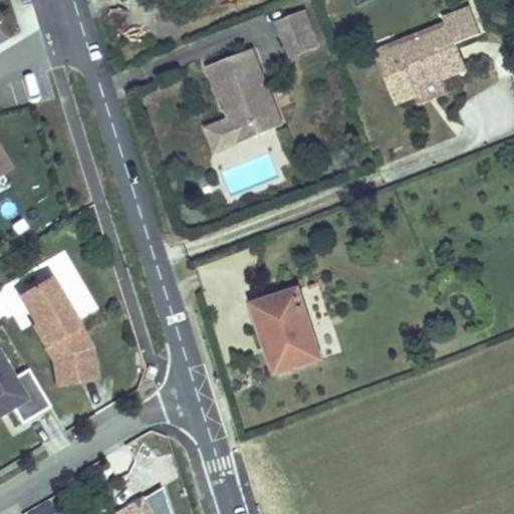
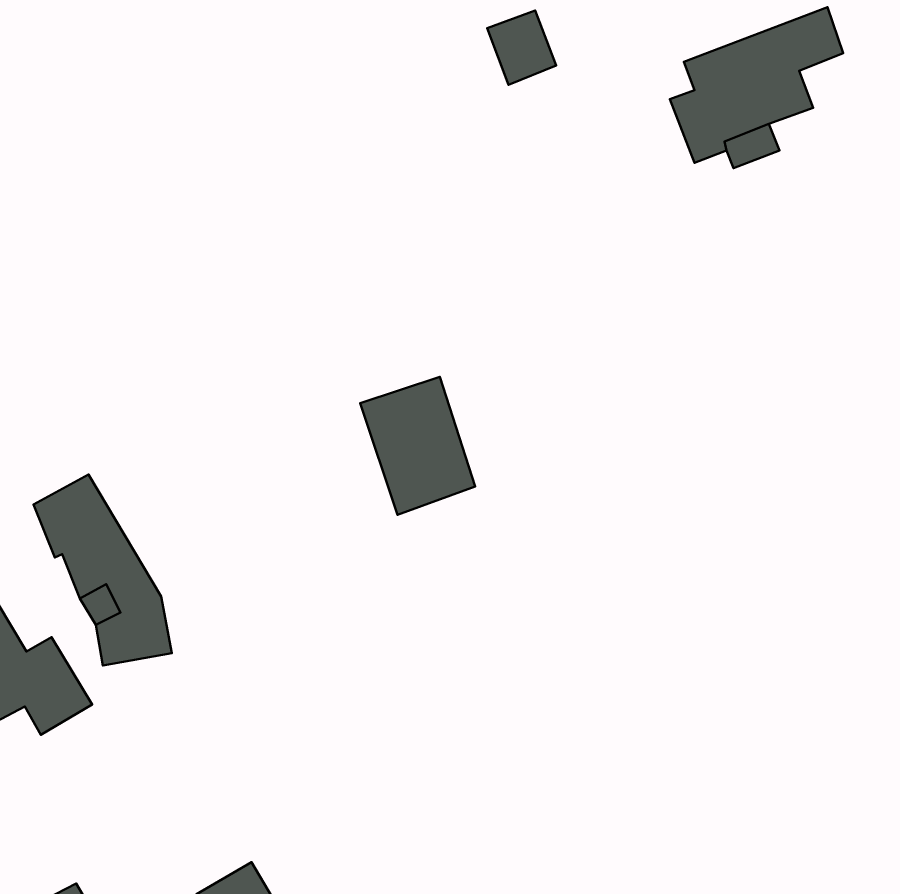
building: [204,49,281,146] -> none
building: [252,289,317,367] -> [360,377,475,515]

